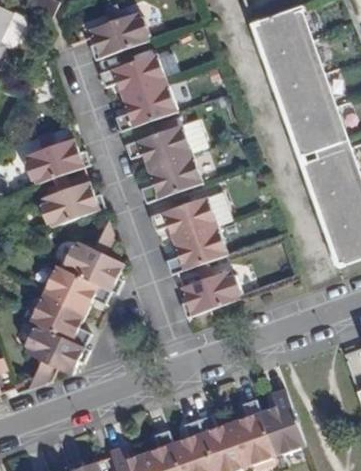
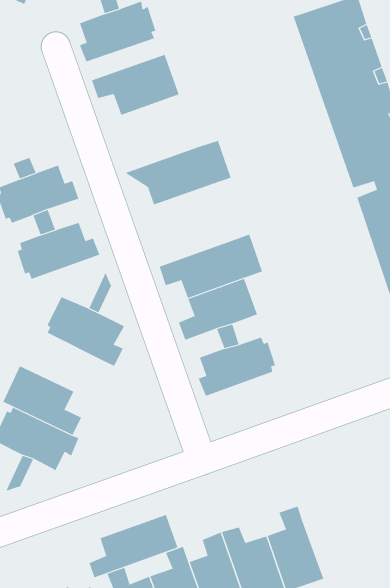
building: [113,84,174,130] -> none
building: [139,153,200,203] -> none
building: [42,264,109,312] -> none
building: [260,389,304,456] -> none
building: none -> [89,514,178,578]

